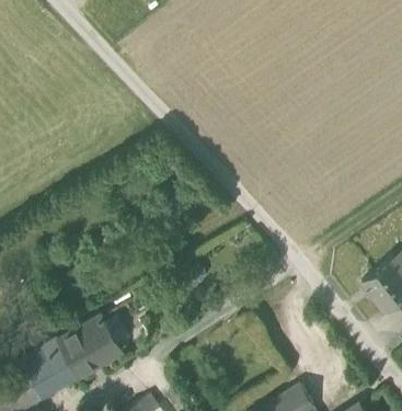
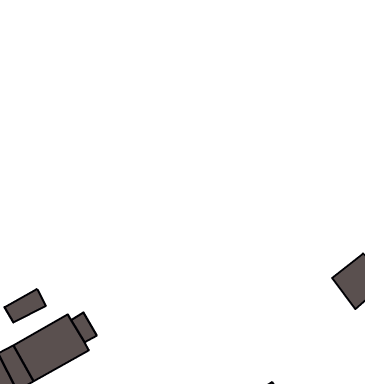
building: none -> [4,289,46,323]

